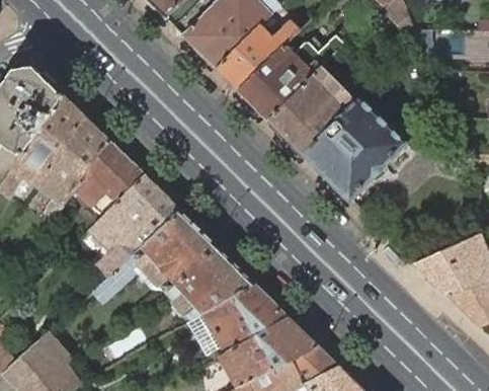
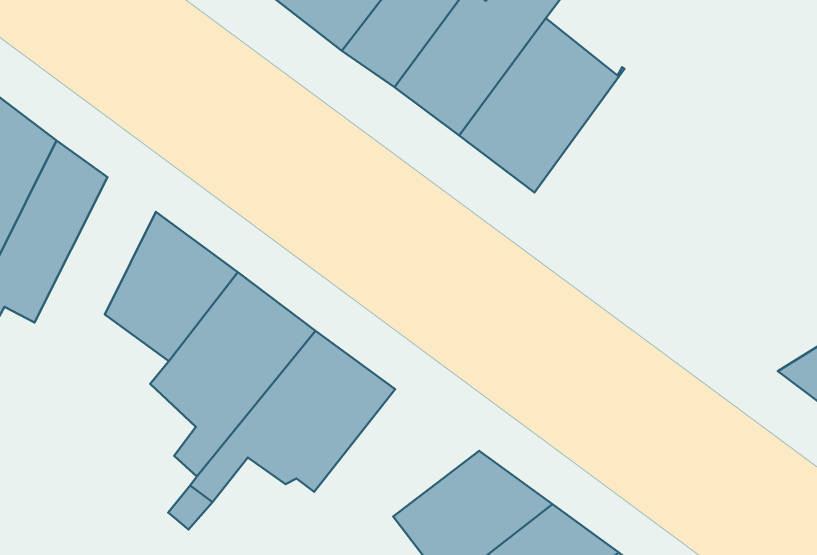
building: [302,98,405,202] -> none
building: [37,118,107,217] -> none
building: [168,246,255,319] -> none

